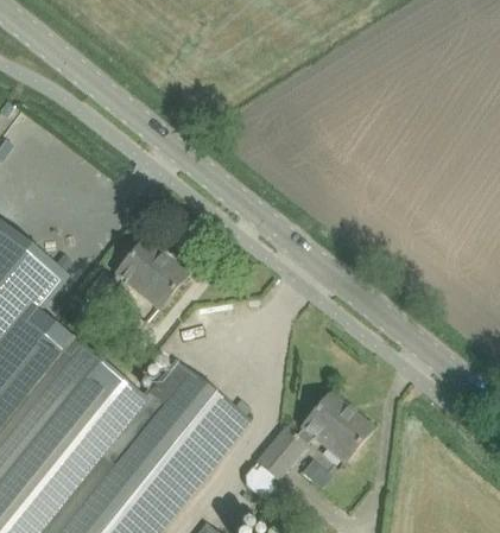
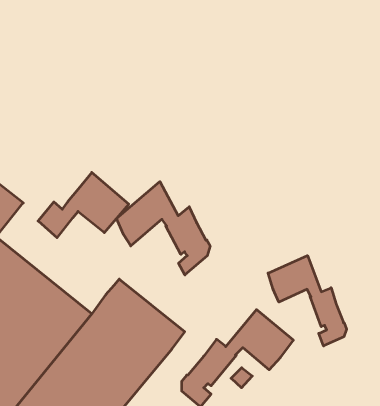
building: none -> [116,182,210,275]
building: none -> [268,256,347,346]

